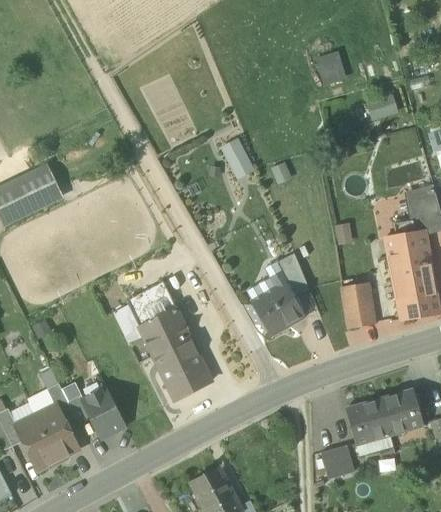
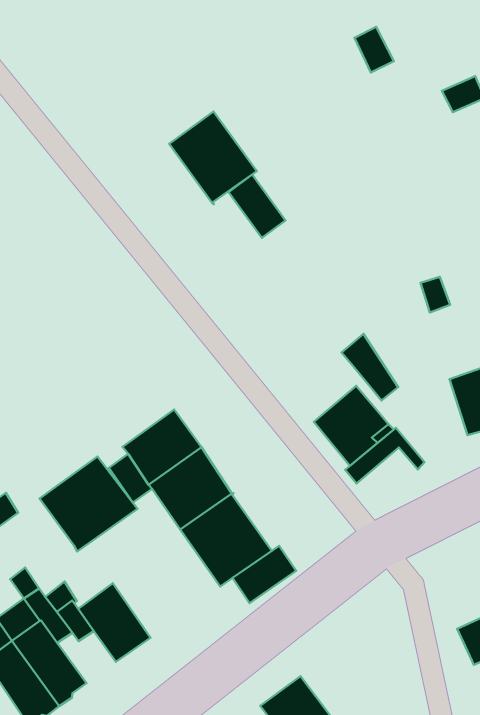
building: none -> [169,111,257,204]
building: [246,272,298,304] -> [345,428,424,484]
building: none -> [40,456,137,551]
building: none -> [233,546,296,603]

